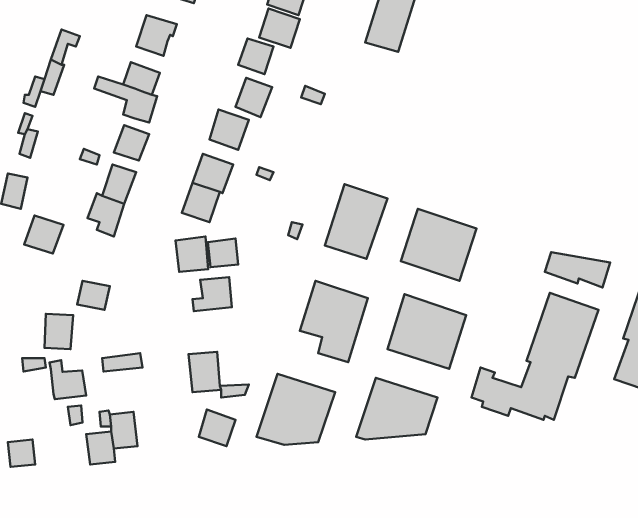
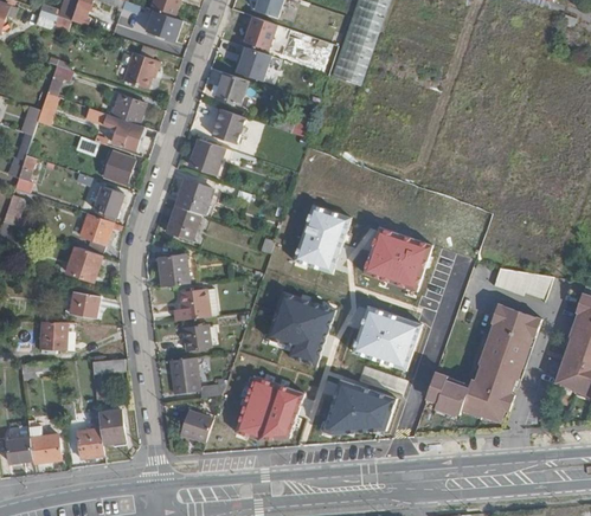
building: [24,216,63,254] -> [66,246,102,280]
building: [208,238,238,267] -> [185,323,212,349]
building: [49,360,86,399] -> [28,427,62,463]

